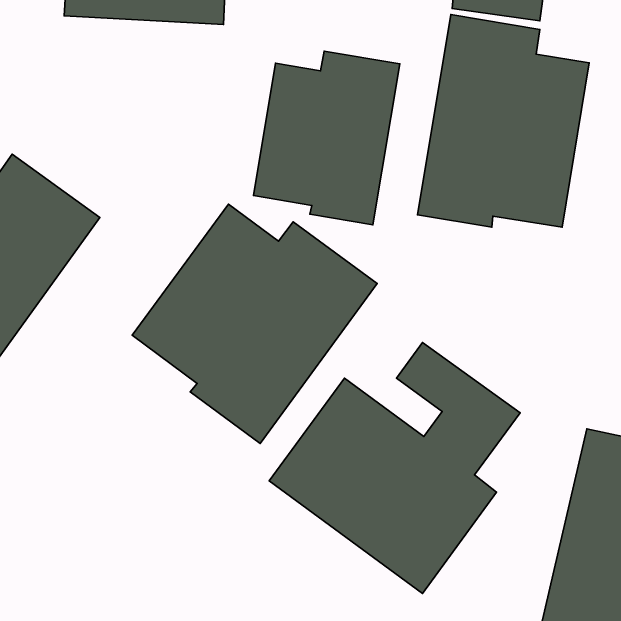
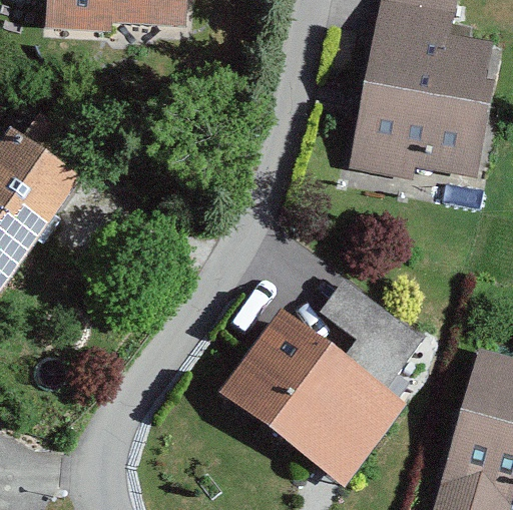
building: [253,51,400,225] -> none
building: [132,204,377,443] -> none

